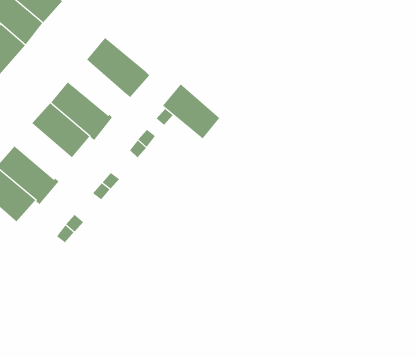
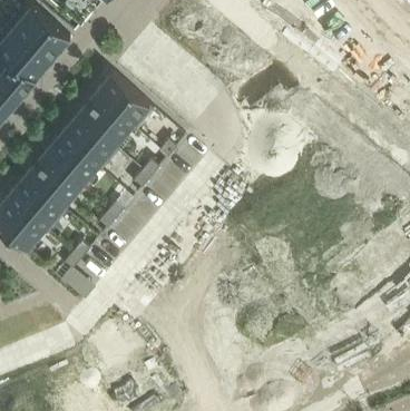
building: [162,83,220,139] -> [74,97,129,150]
building: none -> [22,158,78,212]

